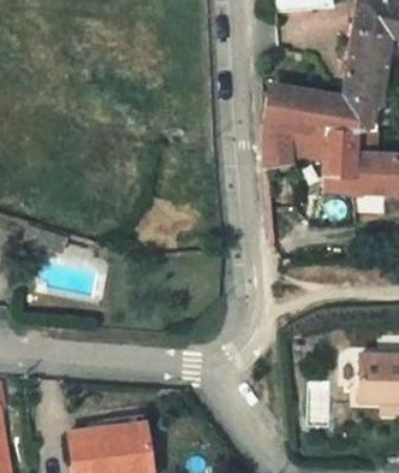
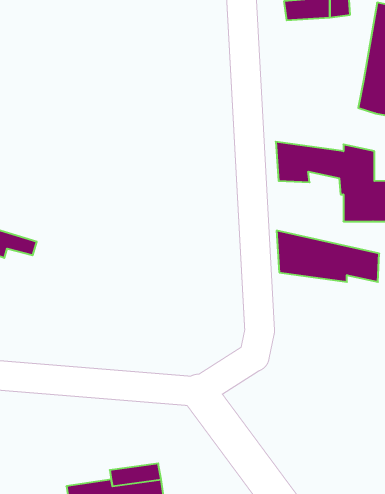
building: [261,91,352,137] -> [277,231,379,282]

